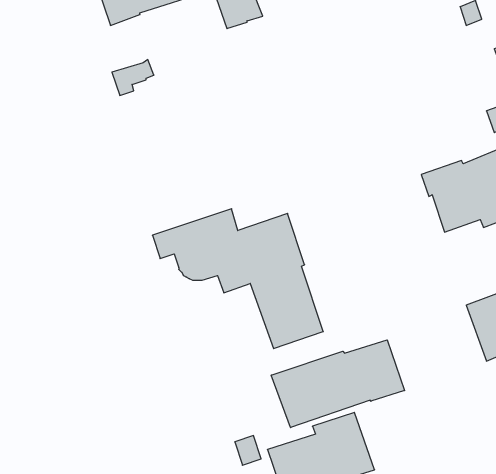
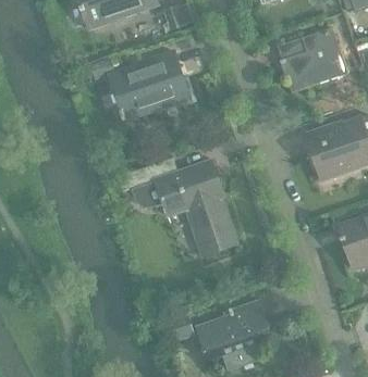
building: none -> [278,27,348,92]
building: none -> [109,51,191,121]
building: [271,340,405,428] -> none

